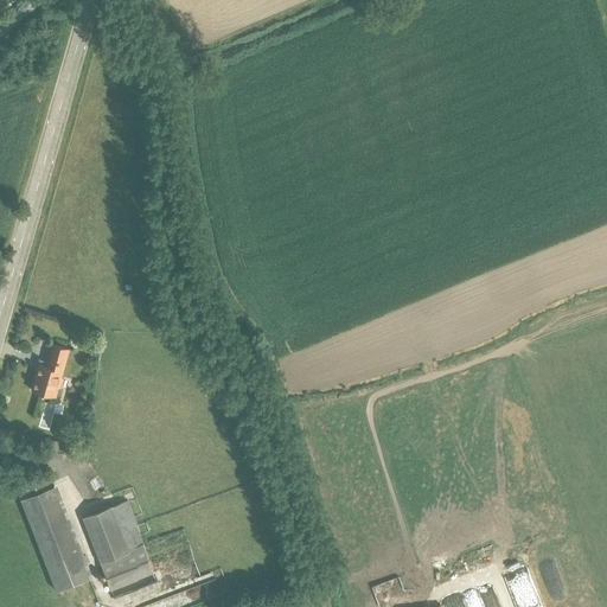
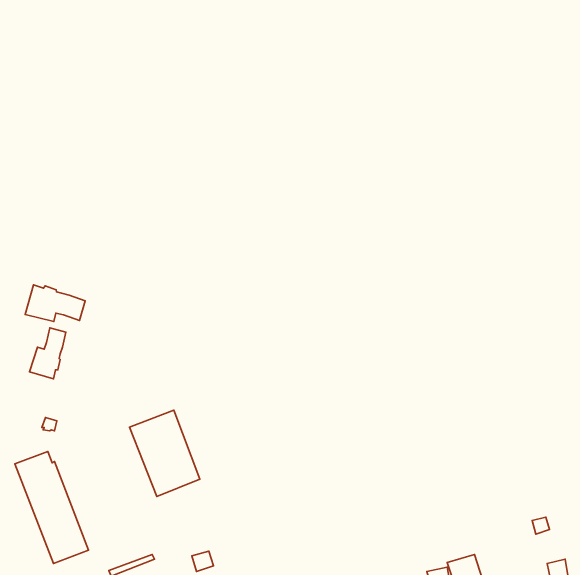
building: none -> [25,285,85,322]
building: [82,503,155,593] -> [130,410,200,496]

